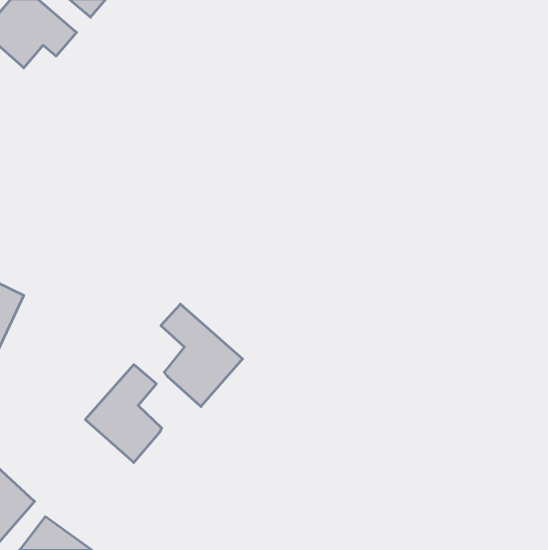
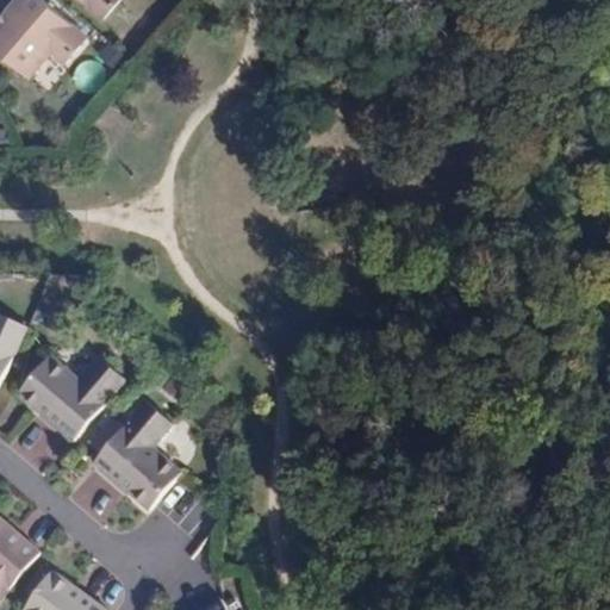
building: [161,304,243,407] -> none
building: none -> [17,356,123,440]

